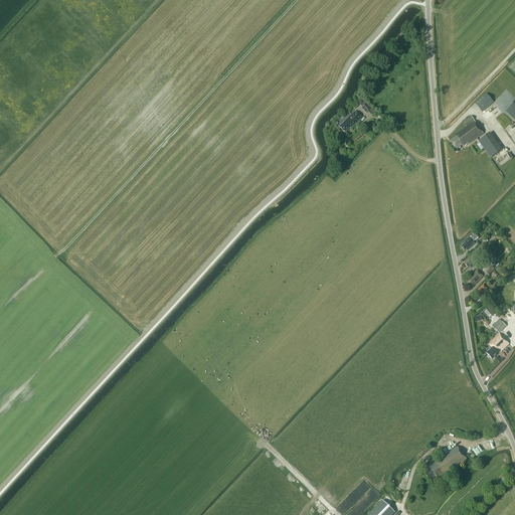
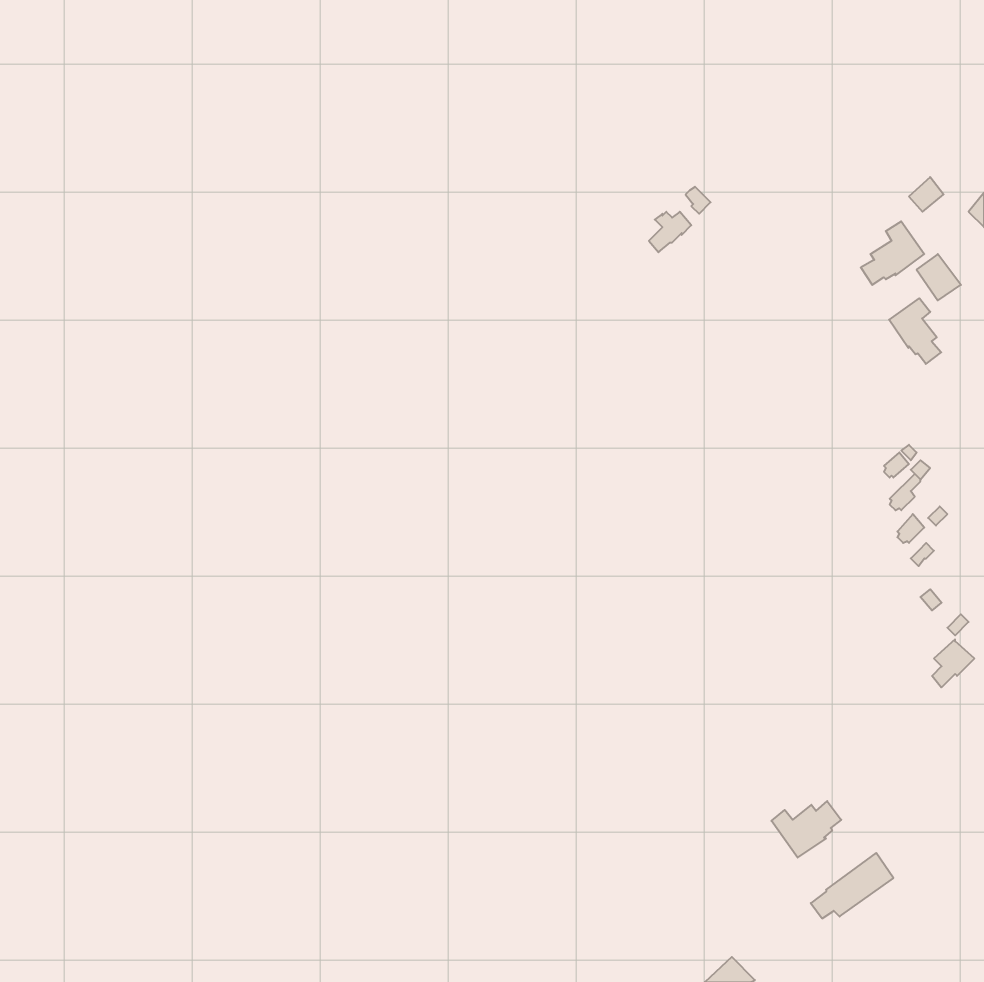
building: none -> [889,298,941,364]
building: none -> [771,801,841,858]

